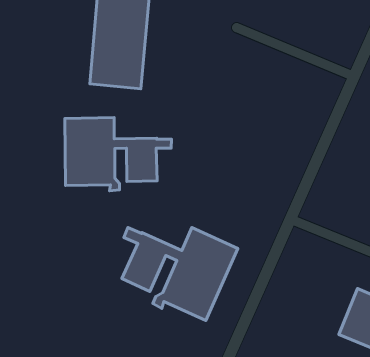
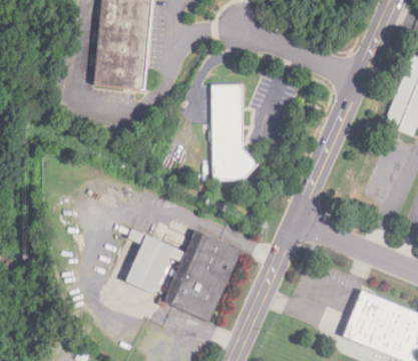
building: none -> [212,86,258,182]
building: [65,118,171,191] -> none

